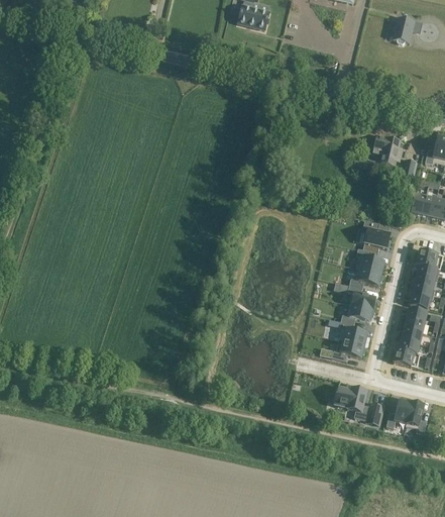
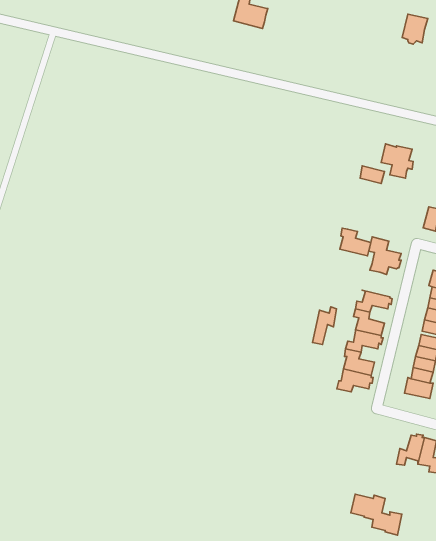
building: [356,247,384,273] -> [340,228,371,256]
building: none -> [312,307,337,344]
building: [339,388,385,425] -> [351,494,402,535]

